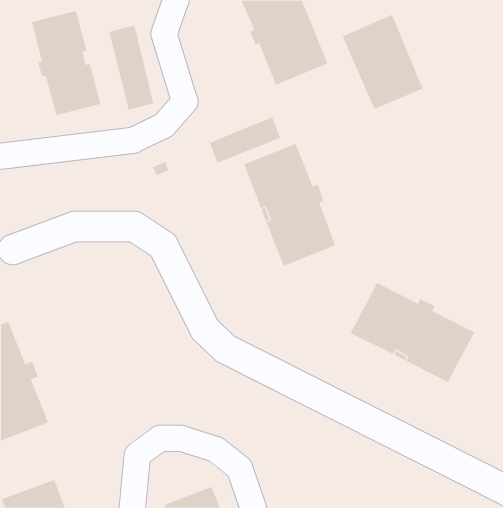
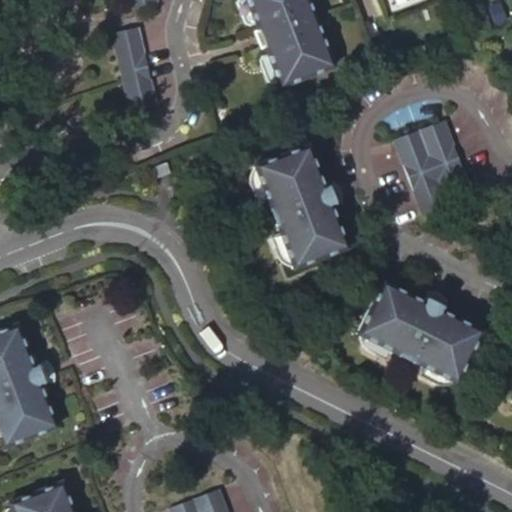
building: [32,10,101,116] -> none
building: [342,14,423,110] -> [393,122,475,218]
building: [209,117,281,163] -> none

